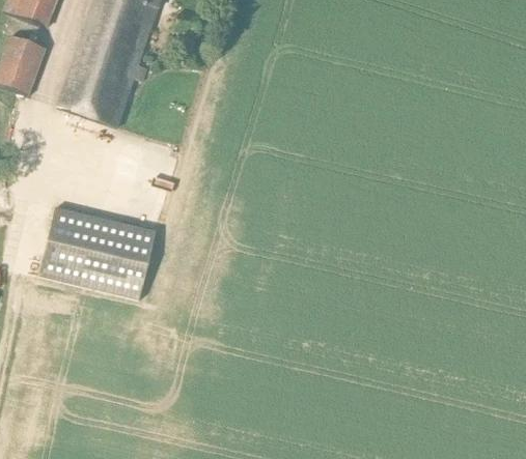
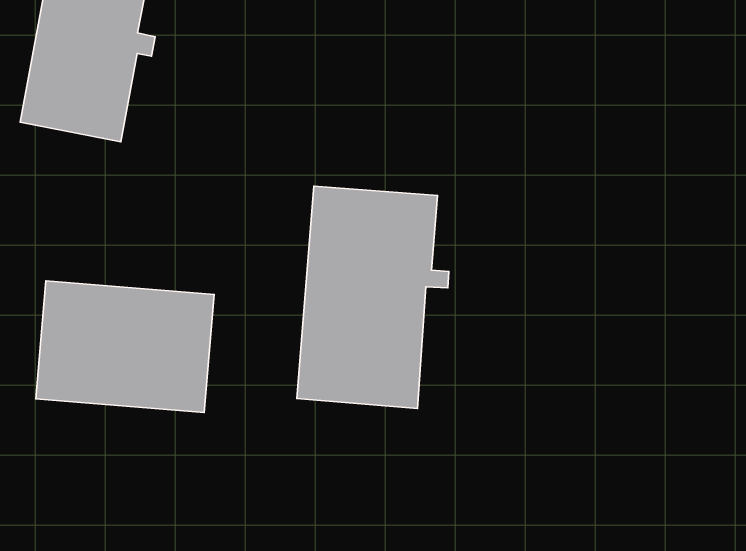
building: none -> [297,186,449,408]

